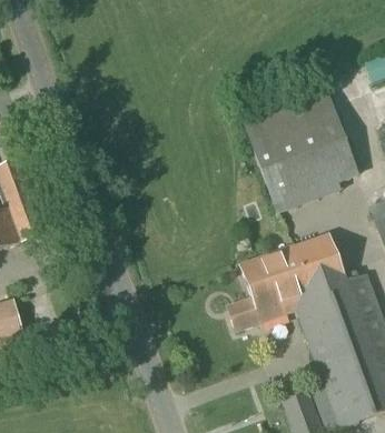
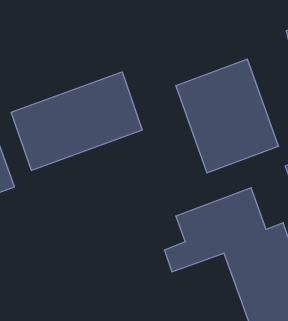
building: none -> [11,72,142,170]

